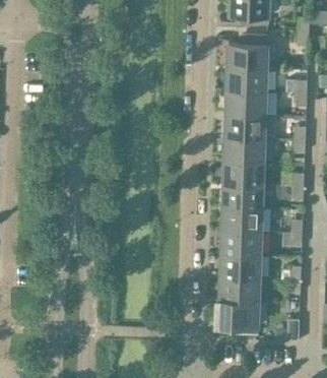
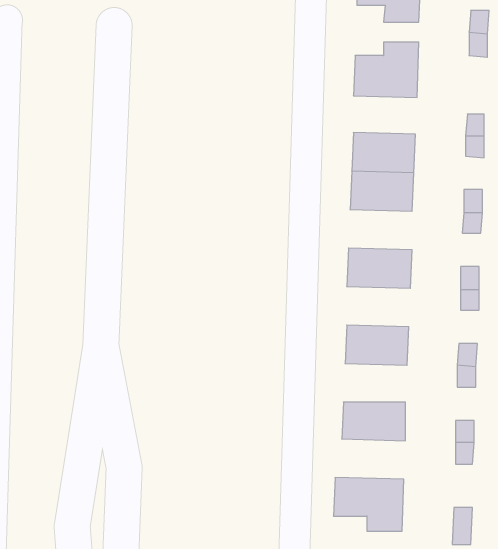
building: [227,70,266,93] -> none
building: [224,139,263,164] -> none
building: [223,186,262,210] -> none
building: [221,233,260,256] -> none
building: [216,278,259,303] -> none

